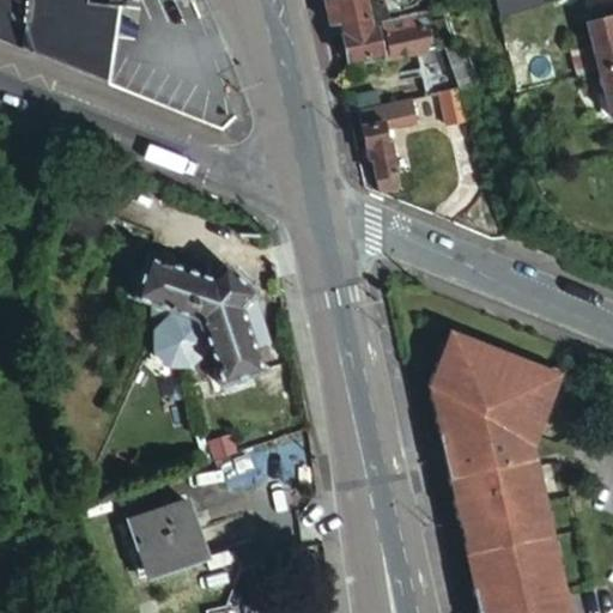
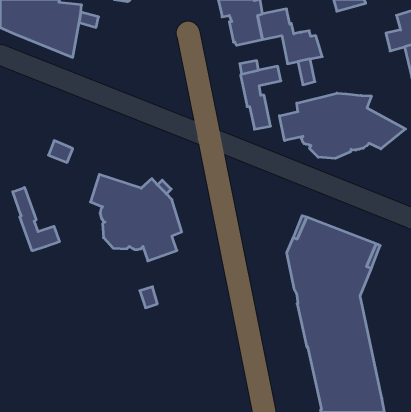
building: none -> [279,93,406,158]
building: none -> [13,187,59,251]
building: [128,502,206,579] -> none

